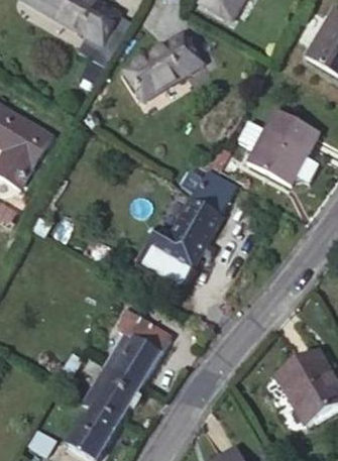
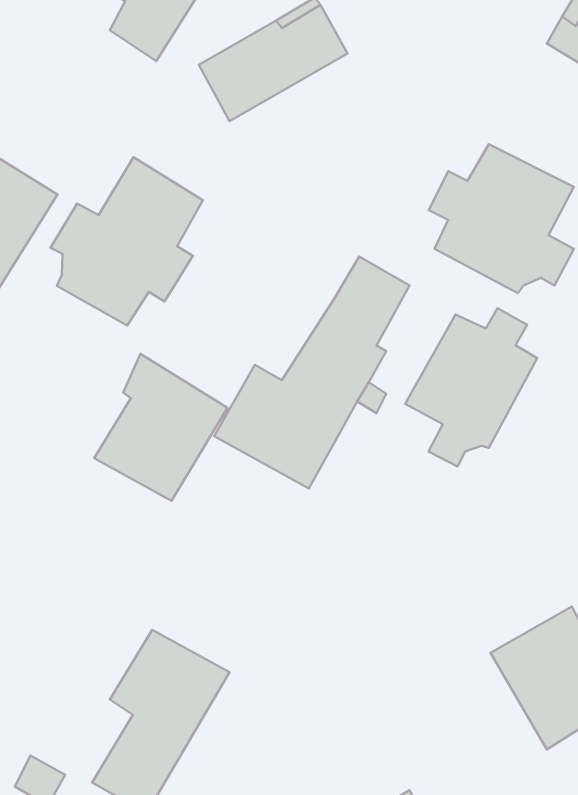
building: none -> [51,157,203,325]
building: none -> [405,308,537,467]
building: [101,308,171,384] -> [94,354,228,501]

